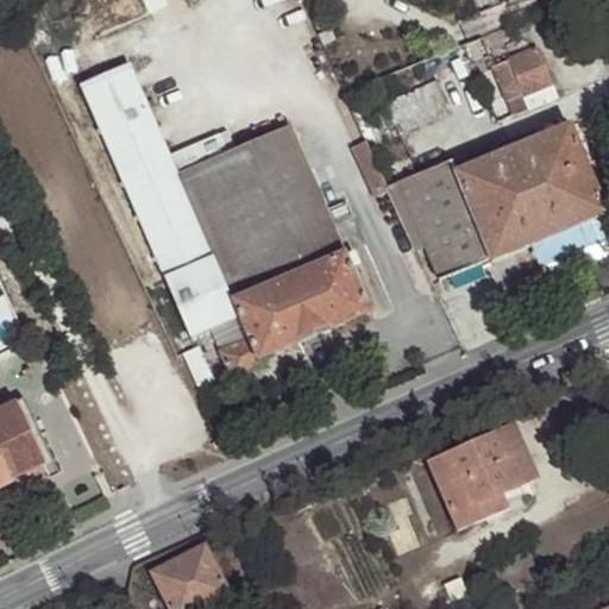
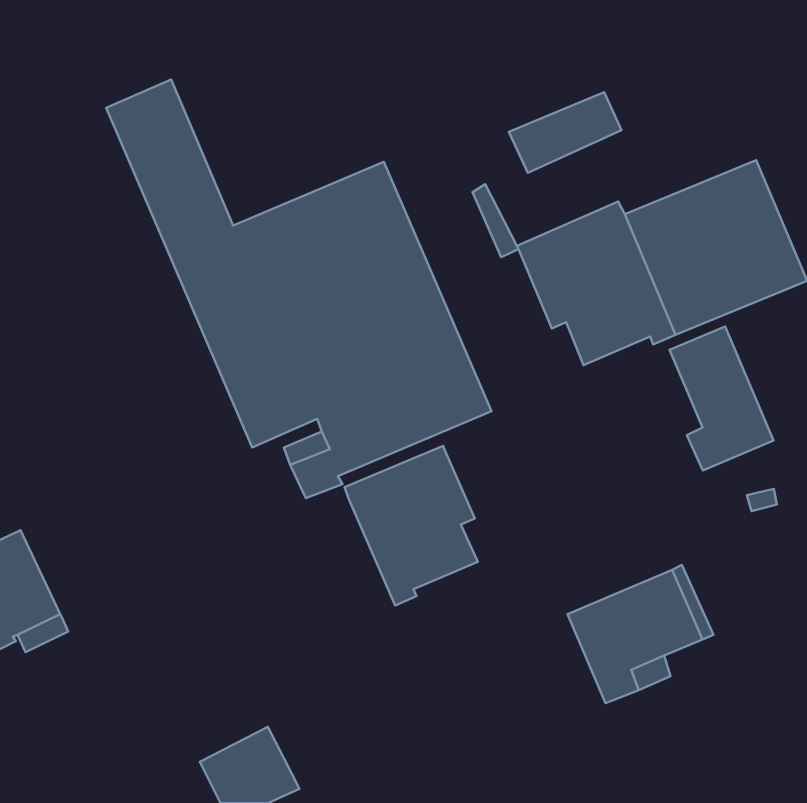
building: [488,42,555,105] -> none
building: none -> [669,326,774,471]
building: none -> [345,446,478,605]

